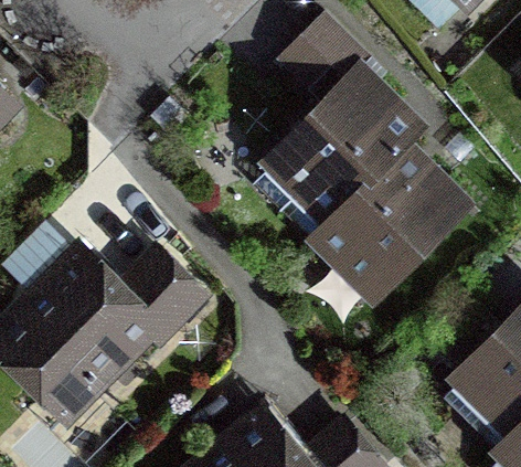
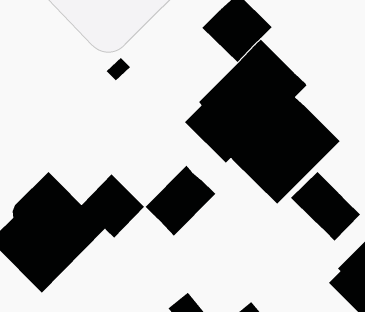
building: none -> [145,165,216,236]
building: none -> [290,171,361,241]

